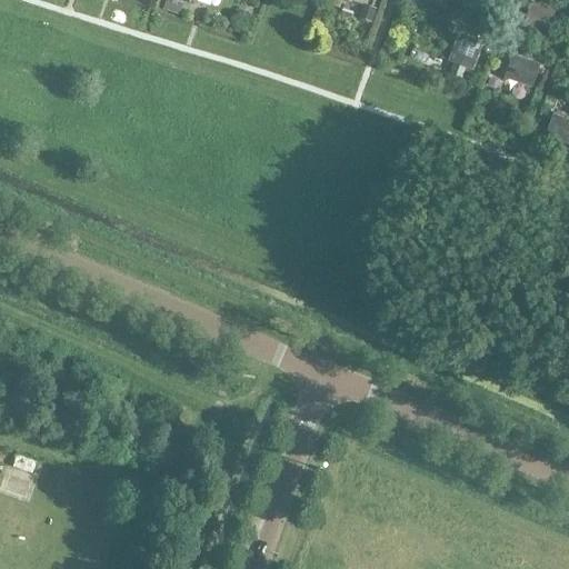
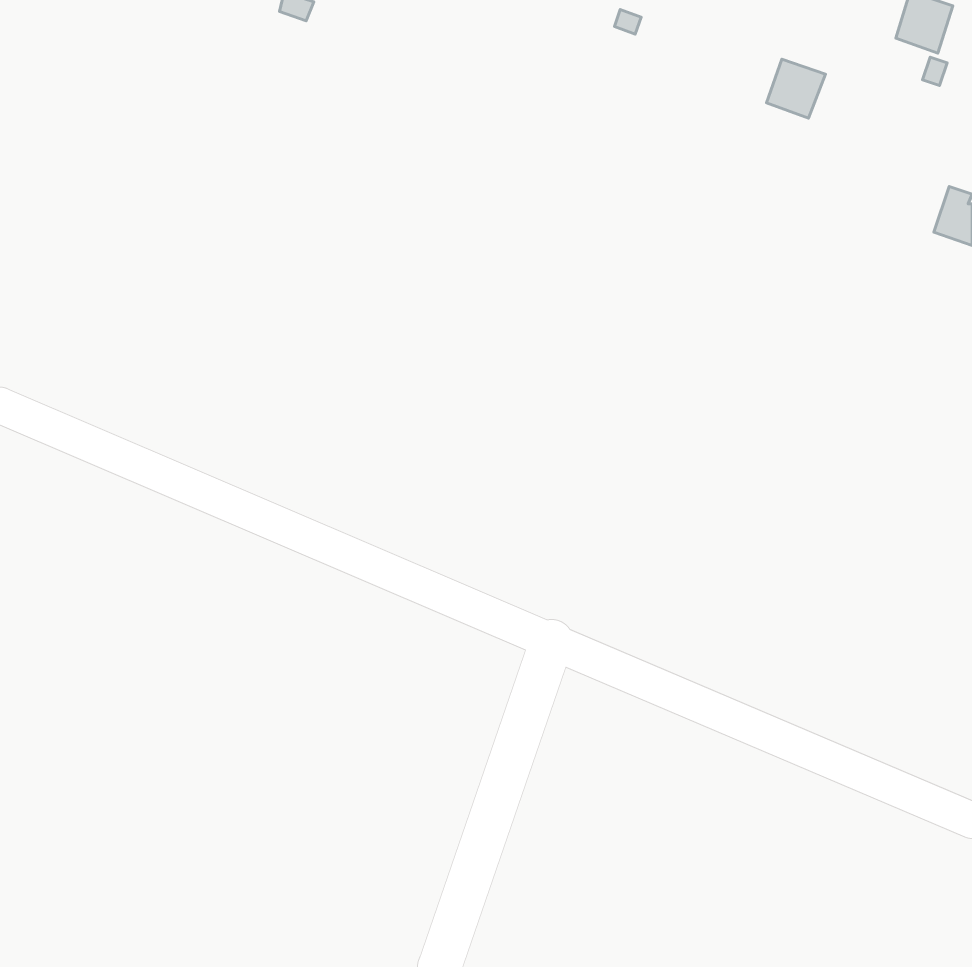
building: [503,52,540,86] -> none

